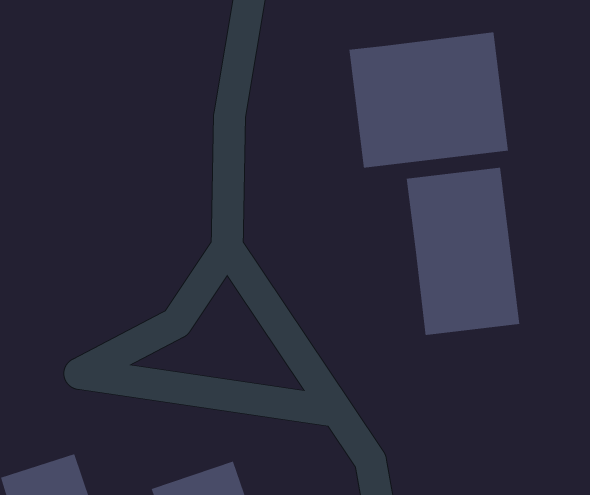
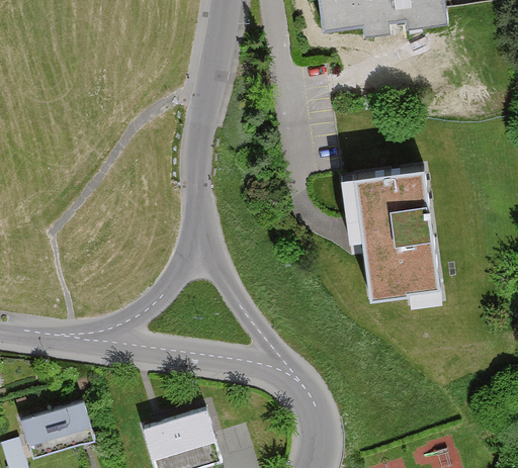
building: [349,32,508,169] -> none

